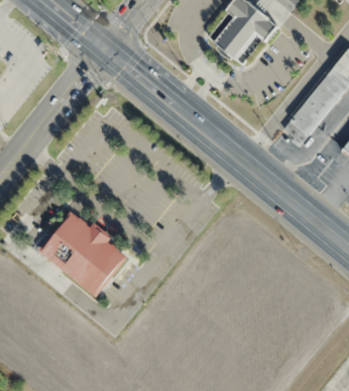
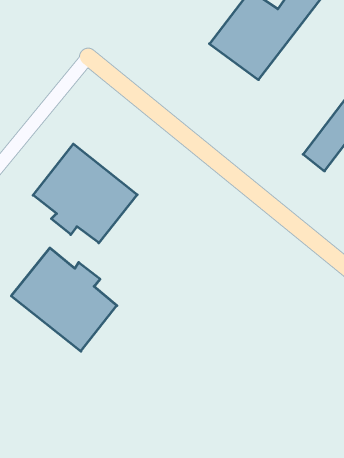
building: none -> [33,144,137,243]

